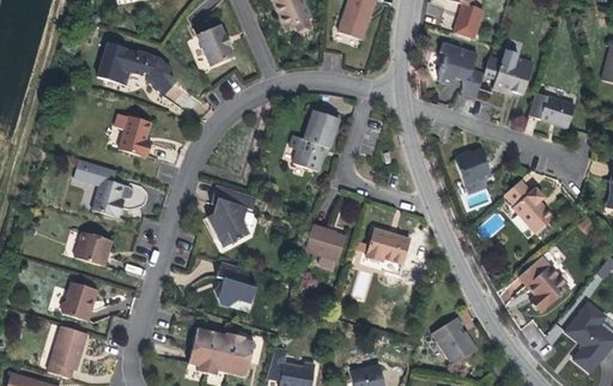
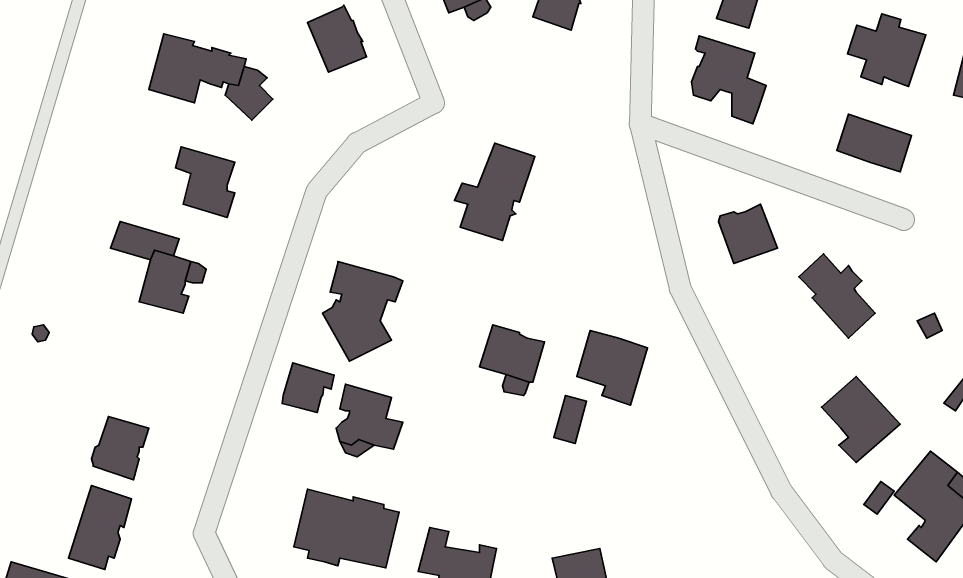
building: [484,49,533,95] -> [847,14,926,87]
building: [74,231,111,266] -> none
building: none -> [282,363,334,412]
building: [431,316,478,366] -> none

